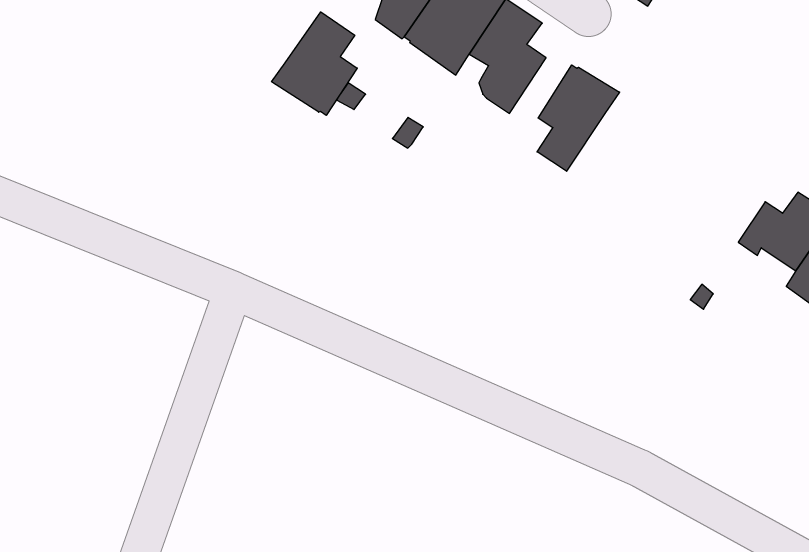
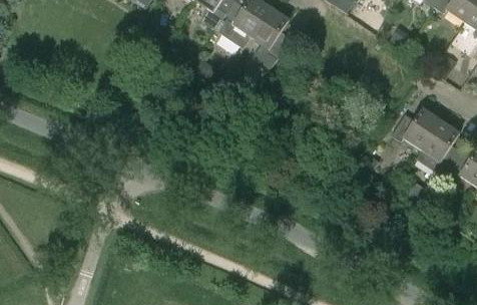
building: [272,12,357,115] -> none
building: [537,65,620,171] -> none

